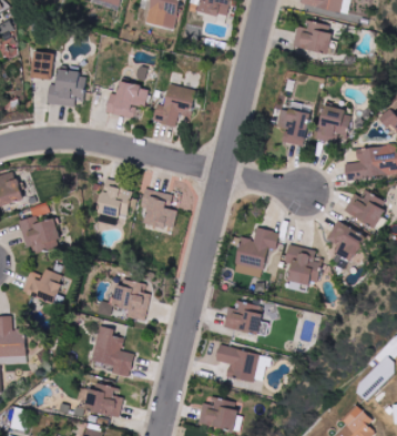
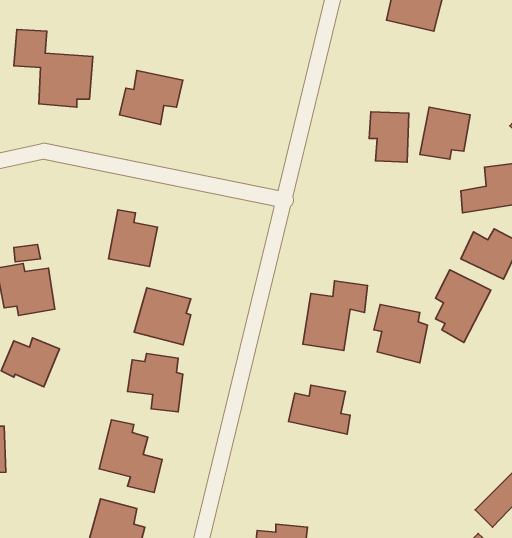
building: [151,83,196,128] -> none
building: [138,190,177,230] -> [134,288,191,345]
building: [215,345,271,384] -> none

